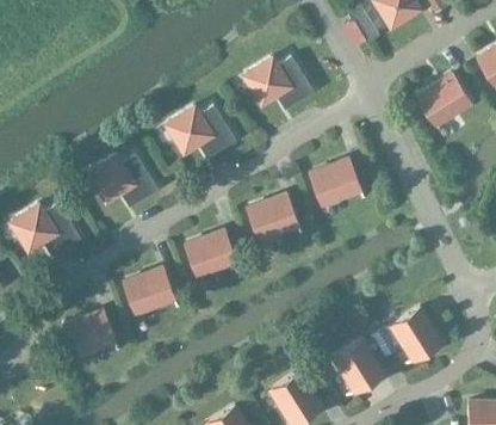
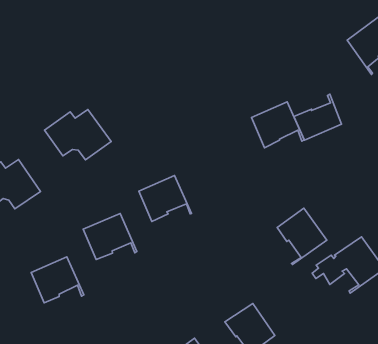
building: [243,56,314,110] -> none
building: [166,105,236,158] -> none
building: none -> [294,94,341,140]
building: [247,193,302,241] -> none
building: [331,339,384,399] -> [277,208,327,265]

